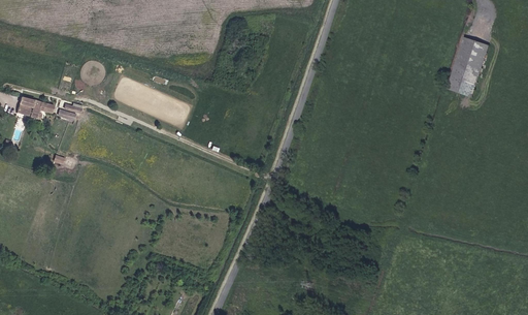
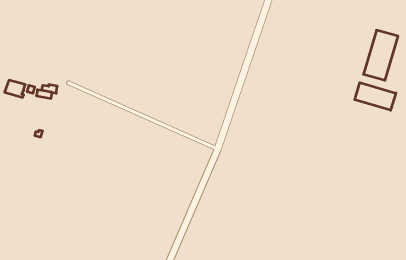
building: none -> [355,83,396,110]

